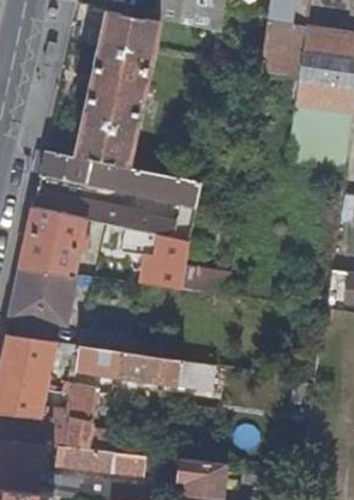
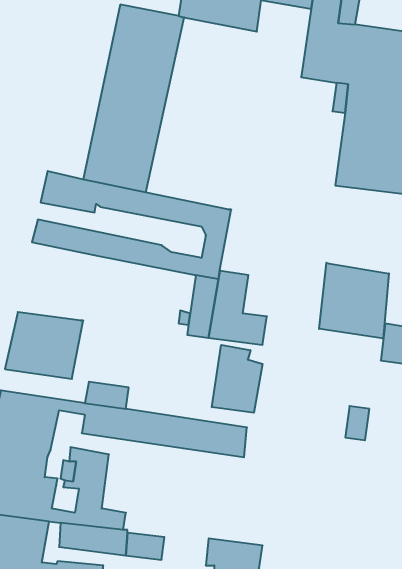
building: [20,210,88,276] -> none
building: none -> [319,263,389,338]
building: none -> [212,345,263,413]

